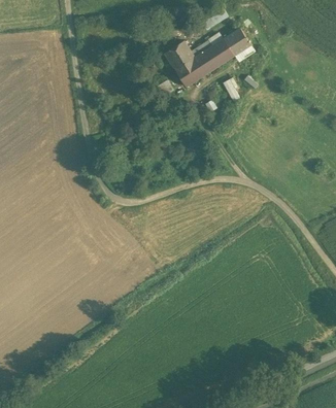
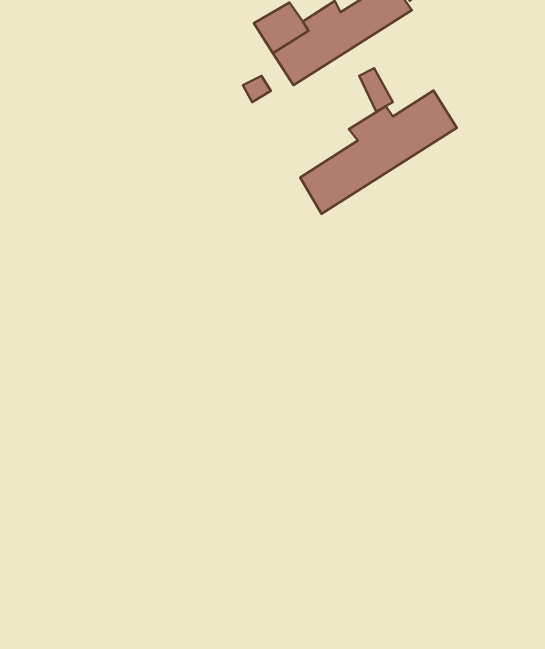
building: none -> [300,91,457,214]

